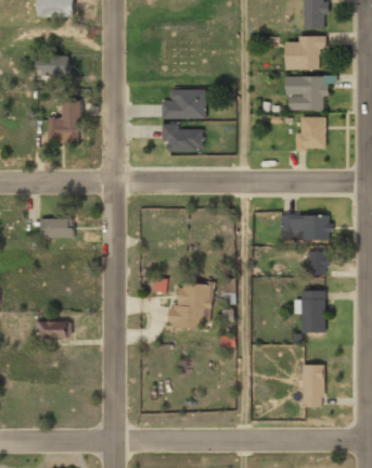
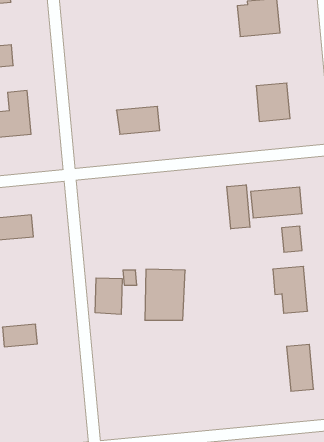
building: [285,74,335,110] -> none
building: [163,89,206,118] -> none
building: none -> [227,185,250,229]
building: none -> [95,278,122,314]

